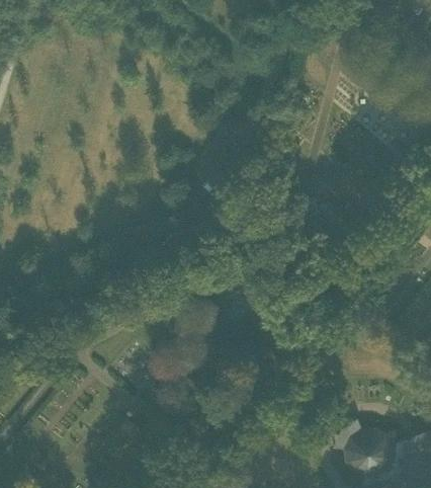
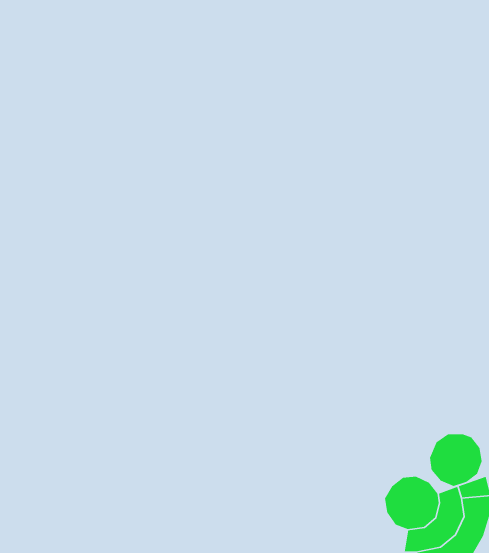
building: none -> [429,433,482,487]

